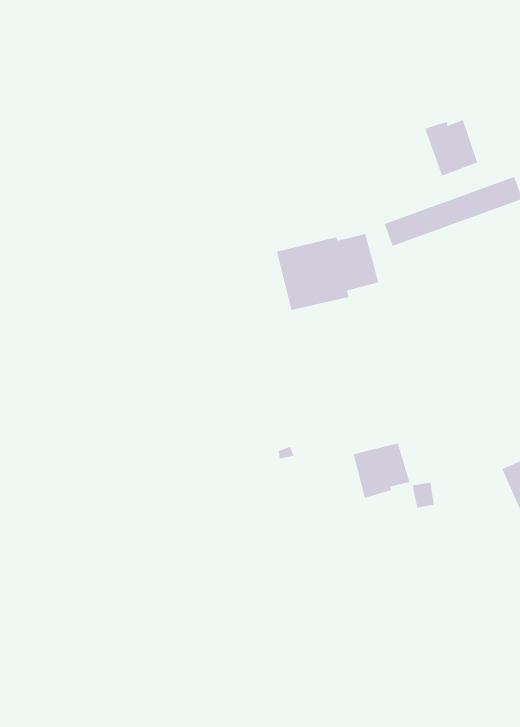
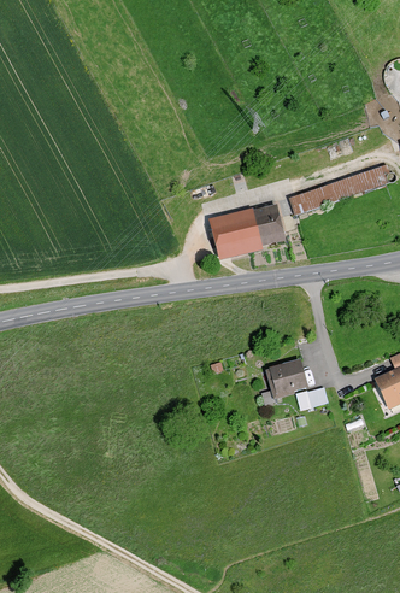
building: [424,119,478,176] -> none

